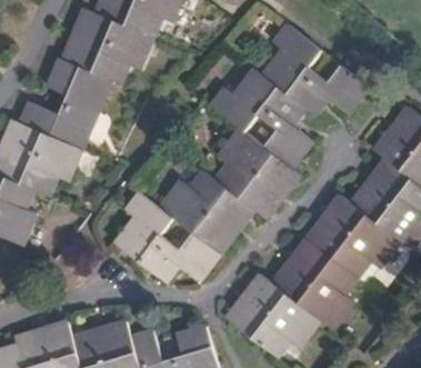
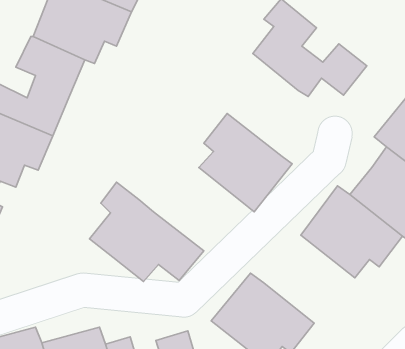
building: [210,69,310,168] -> none
building: [159,170,252,253] -> none
building: [272,239,354,328] -> none

